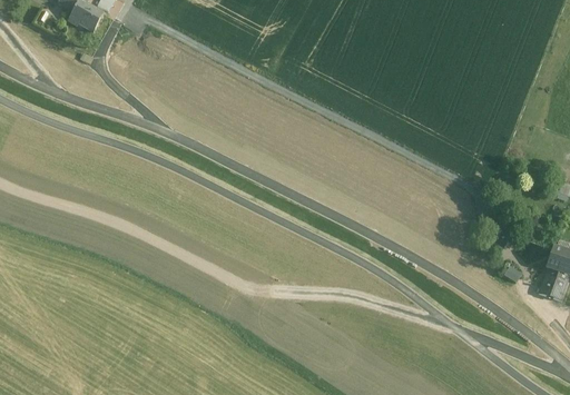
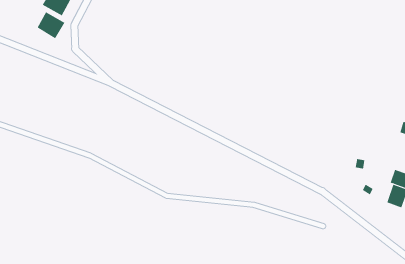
building: none -> [37,12,65,39]

